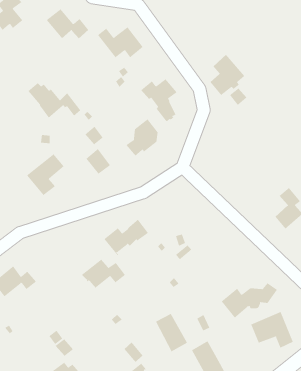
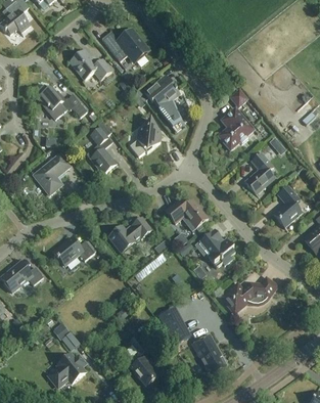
building: [46,9,89,39] -> [68,49,110,79]
building: [209,54,245,96] -> [218,107,253,148]
building: none -> [244,151,274,193]
building: none -> [165,197,207,226]
building: none -> [195,228,234,266]
building: [81,259,126,288] -> [51,236,94,265]
building: [251,311,293,349] -> none

